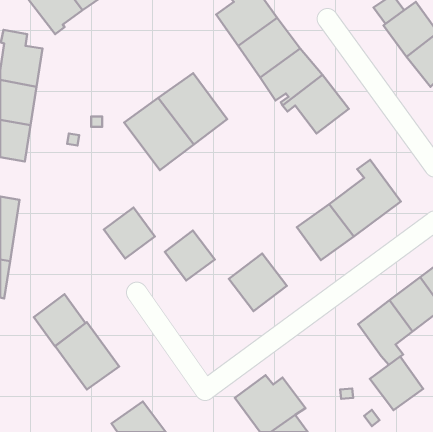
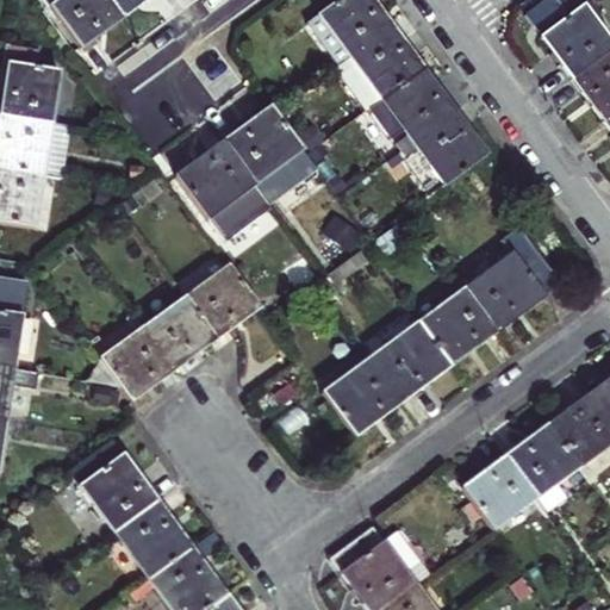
building: none -> [369,318,452,400]
building: [165,230,215,281] -> [189,261,260,331]
building: [34,294,86,346] -> [105,322,178,394]
building: [370,357,423,410] -> [461,454,536,529]
building: none -> [124,513,203,593]

